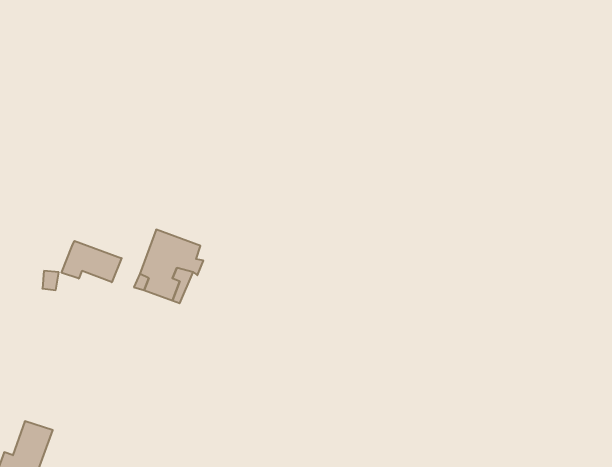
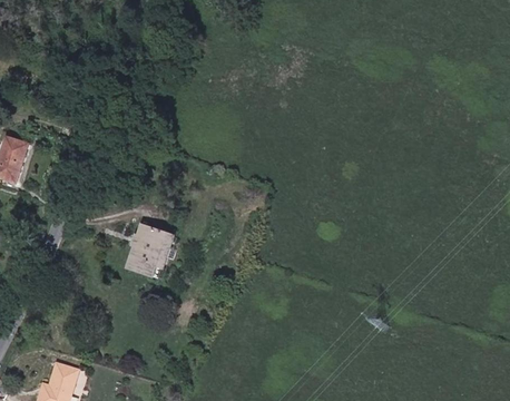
building: [62,241,122,282] -> none

